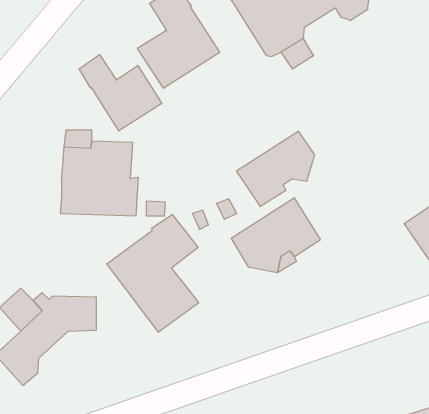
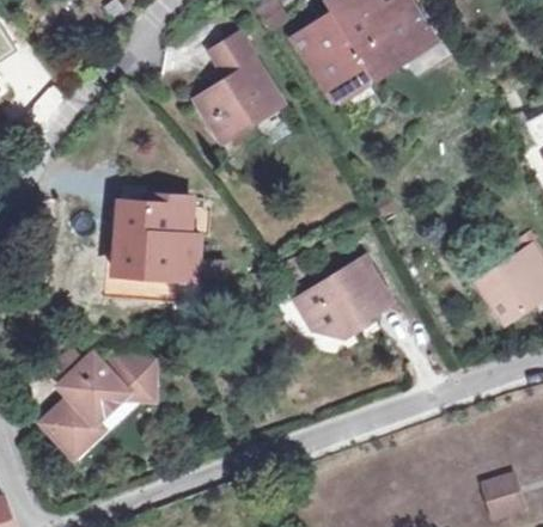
building: [79,55,162,131] -> none
building: [237,131,315,207] -> none
building: [107,214,199,332] -> none

